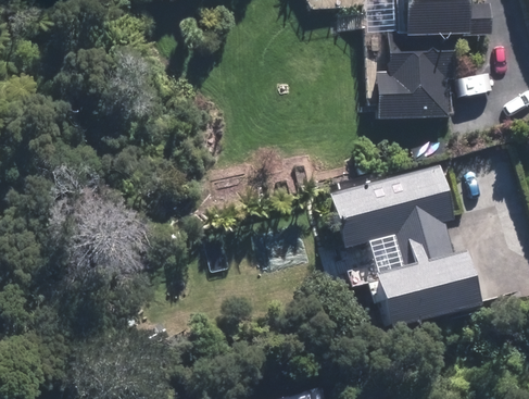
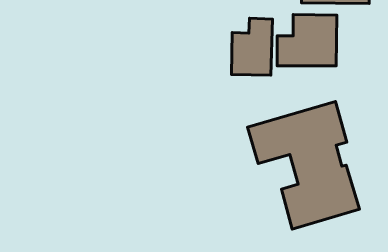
building: none -> [232,18,272,75]

